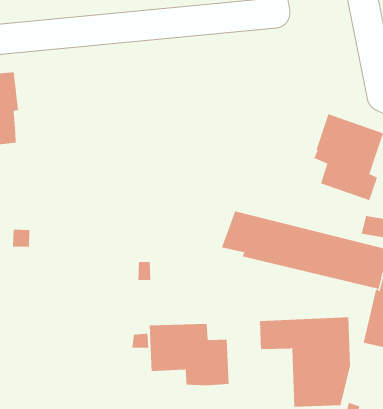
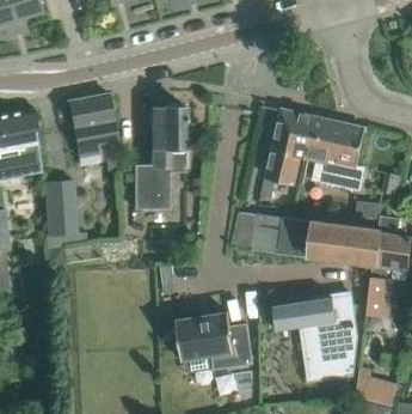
building: none -> [69,93,119,162]
building: none -> [135,106,186,208]
building: none -> [268,109,314,182]
building: none -> [44,179,76,236]

